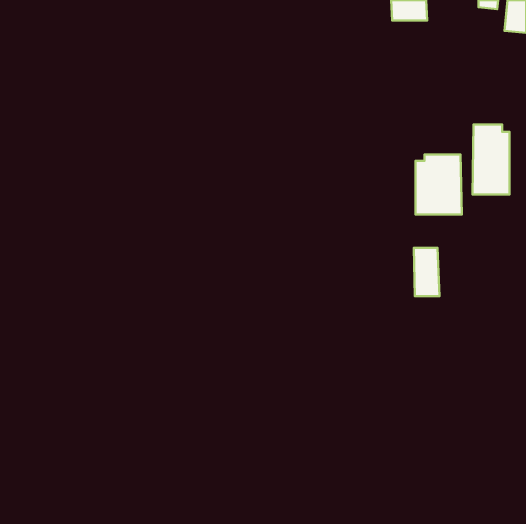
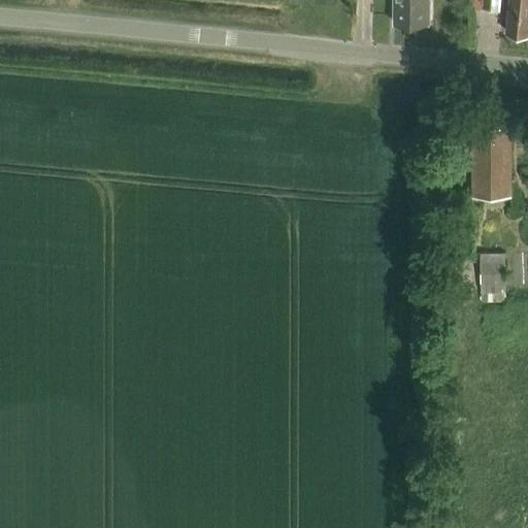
building: [416,155,462,214] -> none
building: [414,248,439,296] -> [482,254,507,302]

